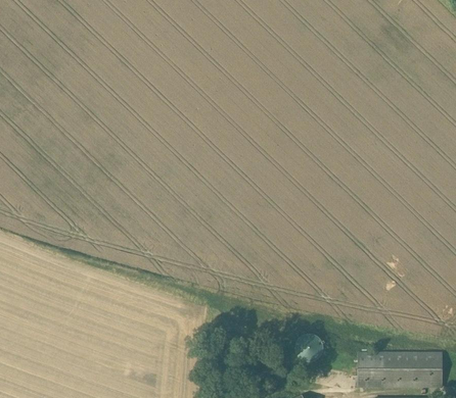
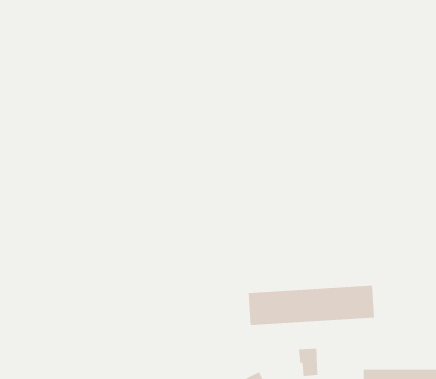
building: none -> [248,285,375,326]

